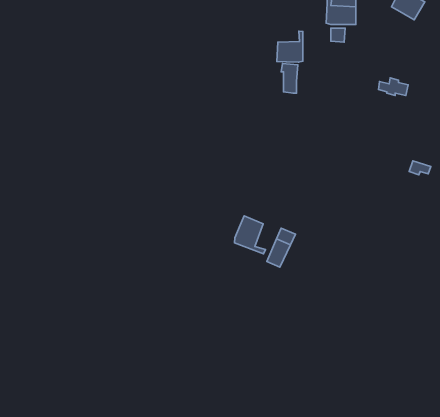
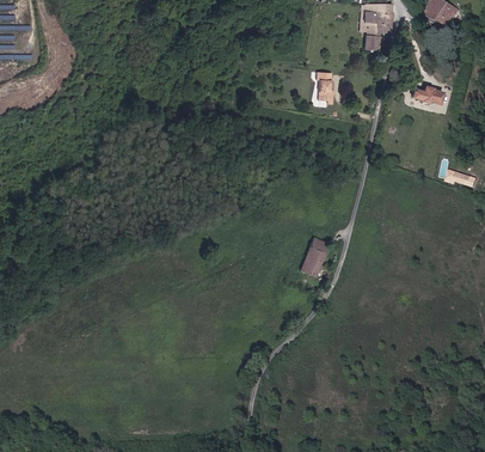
building: [277,31,303,62] -> none
building: [234,216,265,254] -> none

